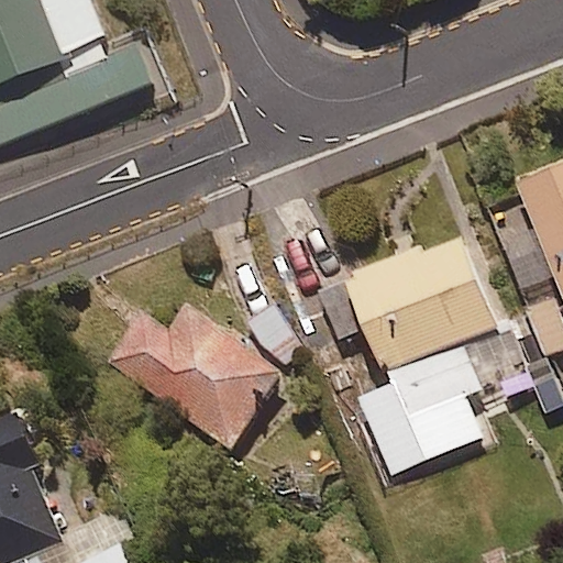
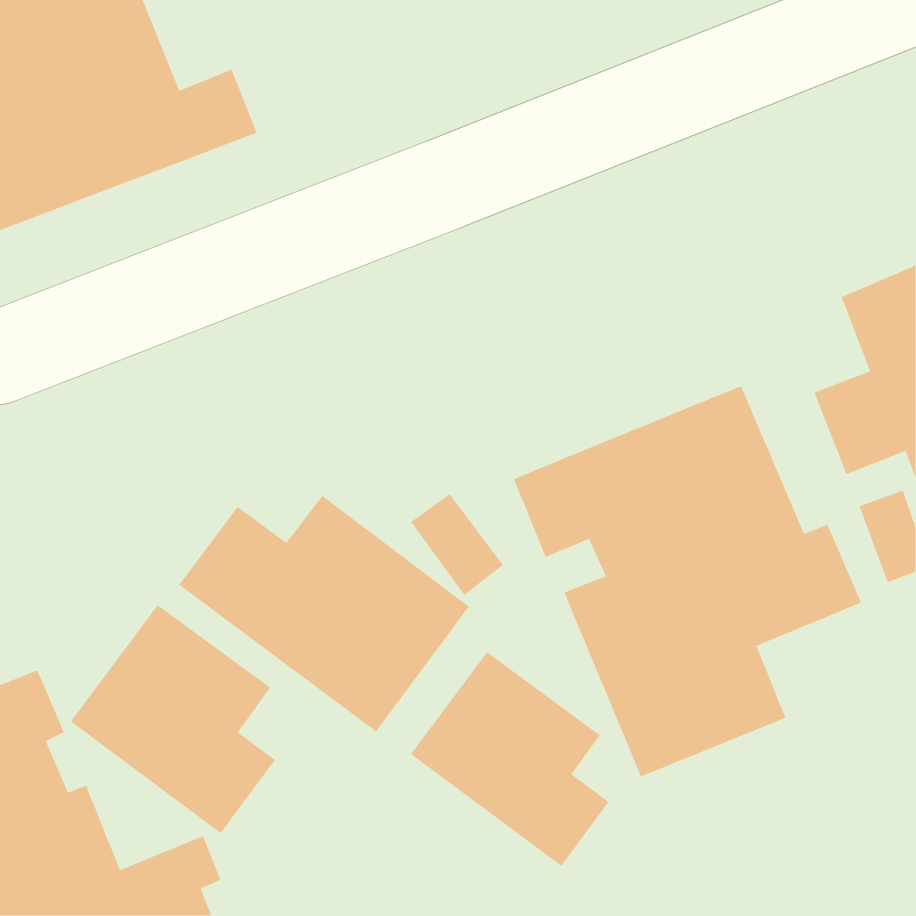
building: none -> [70,604,276,834]
building: none -> [410,651,610,867]

